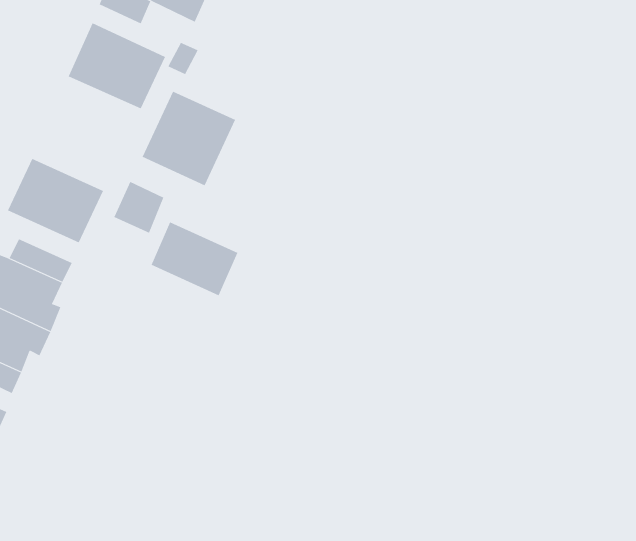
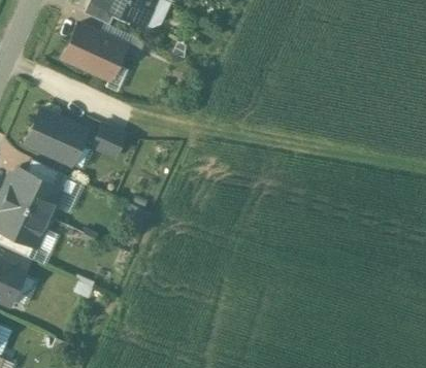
building: [142,91,236,186] -> none
building: [151,222,238,296] -> none

